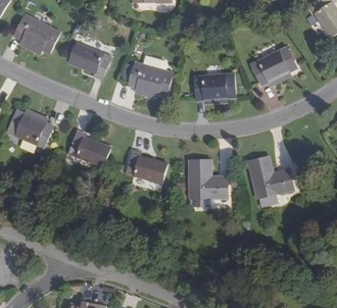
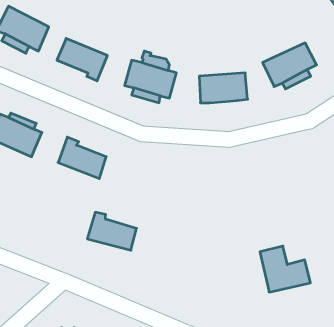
building: [124,150,167,184] -> [87,212,137,250]
building: [248,157,293,198] -> [260,246,310,292]
building: [189,160,226,198] -> none

